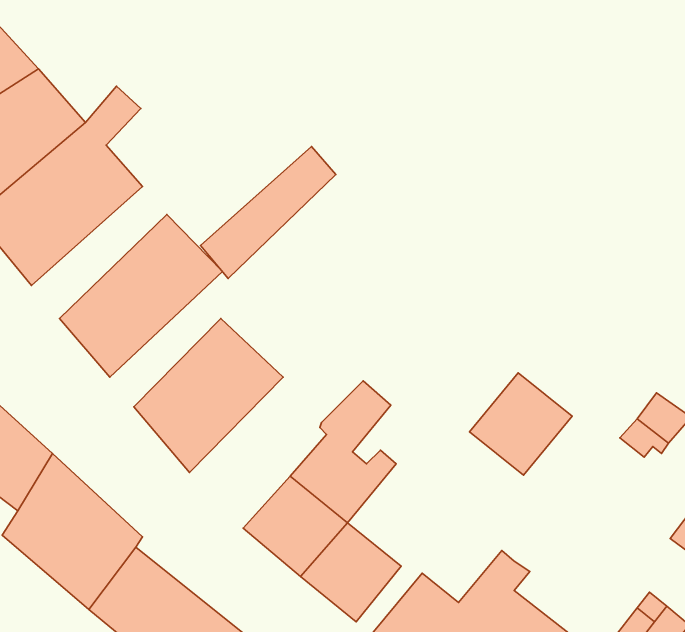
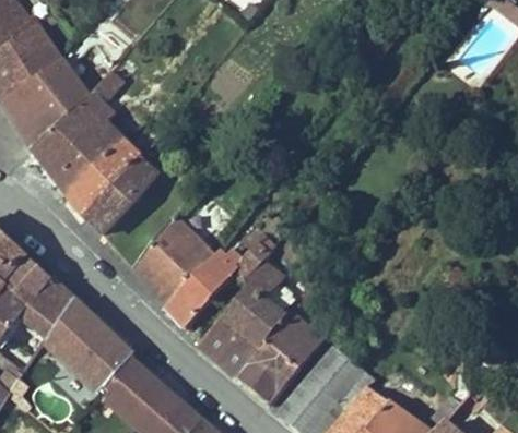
building: [200,147,336,278] -> [62,131,148,214]
building: none -> [162,241,276,334]
building: [470,373,572,475] -> [261,305,326,370]
building: none -> [308,341,358,393]

